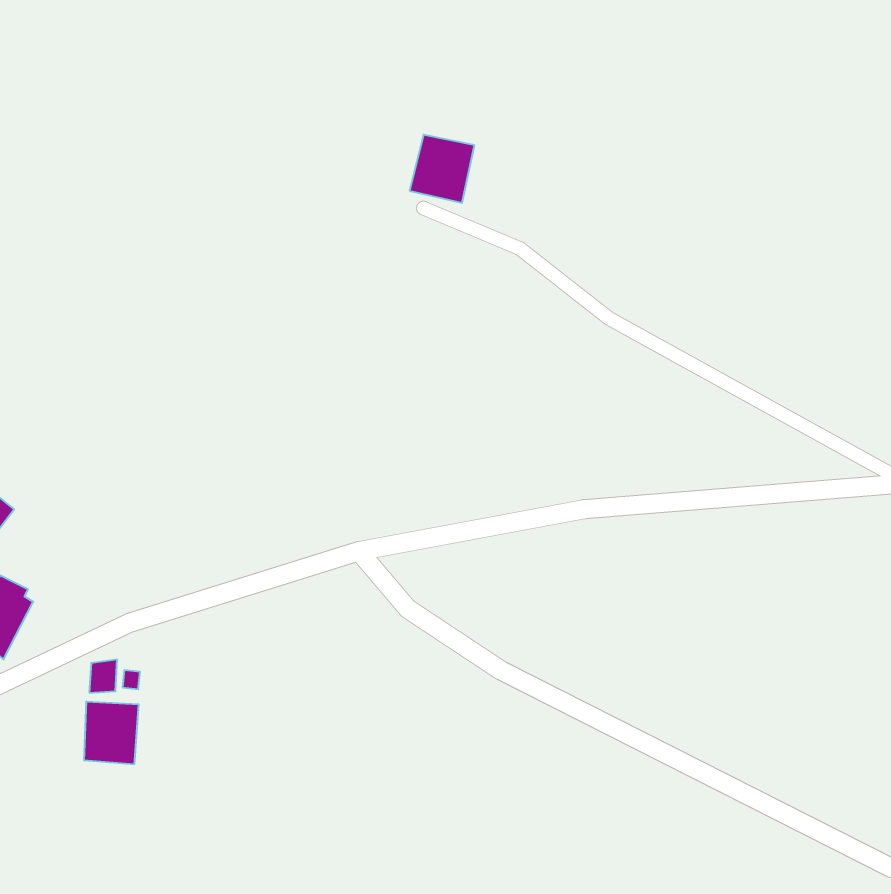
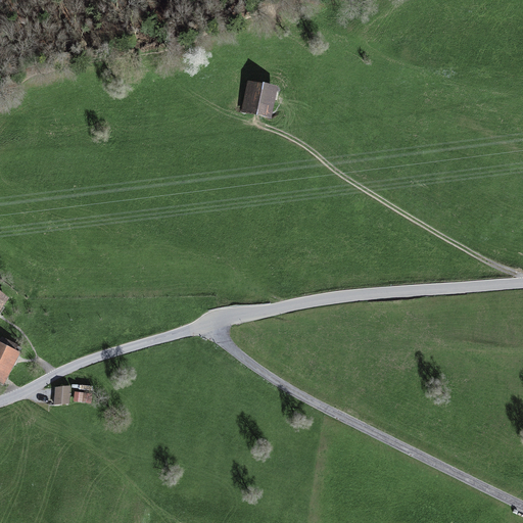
building: [84,701,139,764] -> none

